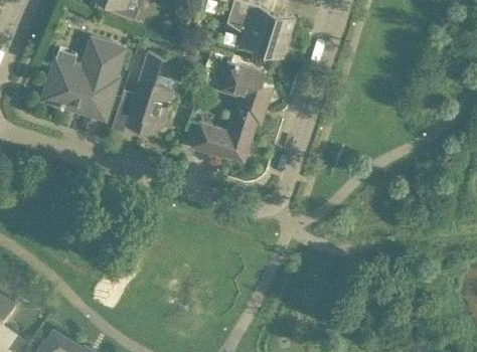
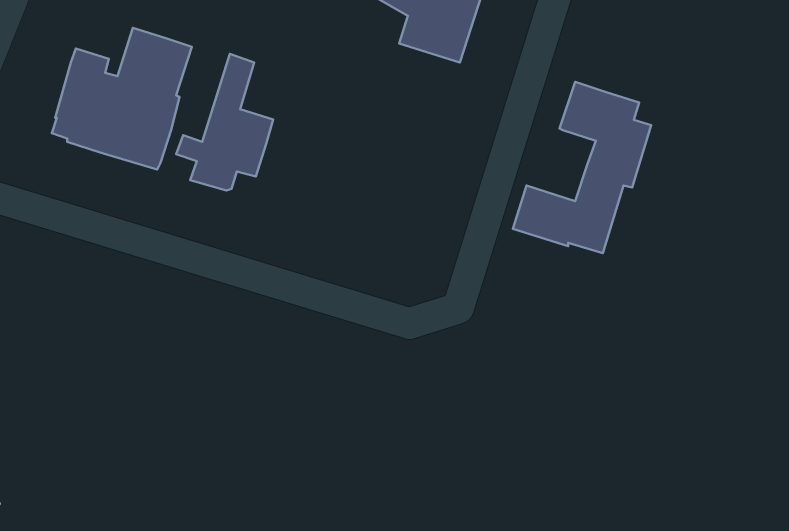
building: [190,60,271,160] -> [513,82,651,253]

